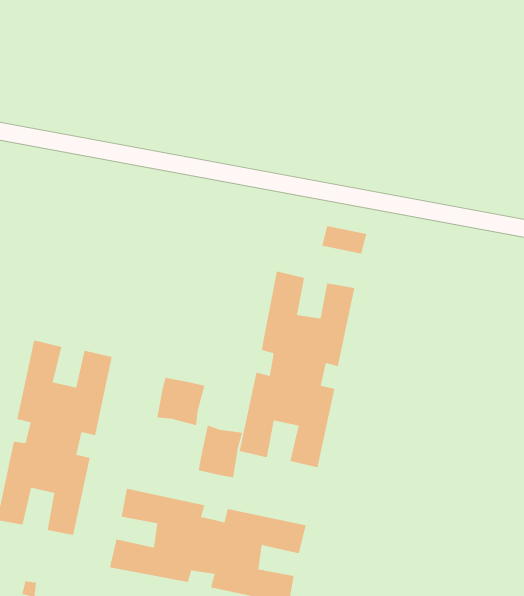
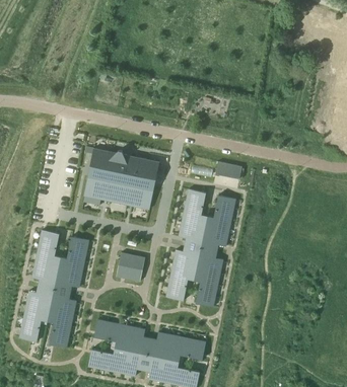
building: none -> [83,148,159,209]
building: [198,425,243,478] -> none

